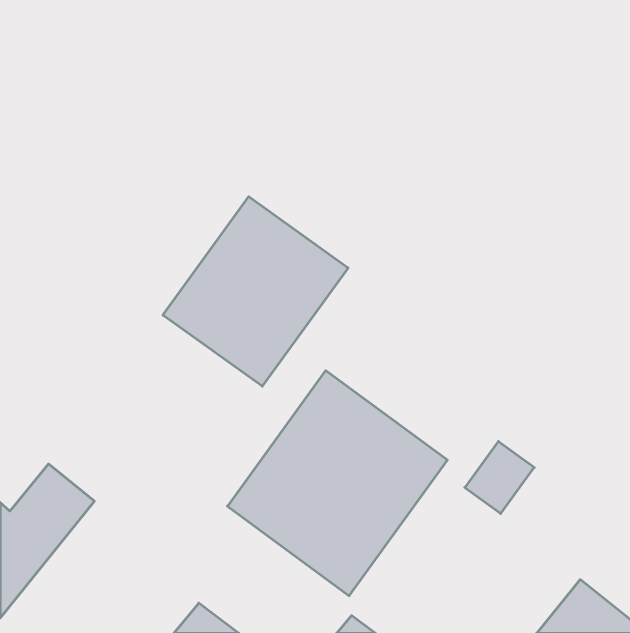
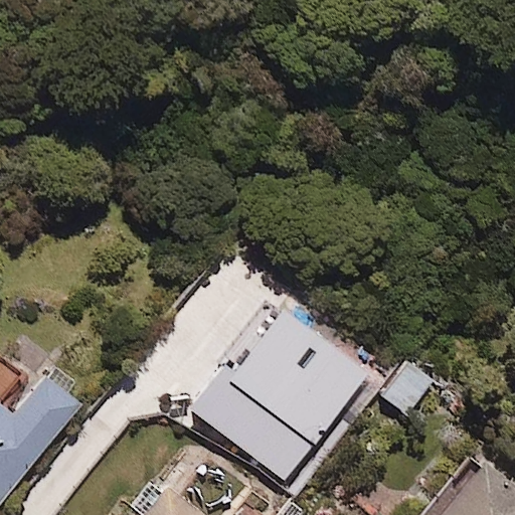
building: [163,197,348,386] -> none

